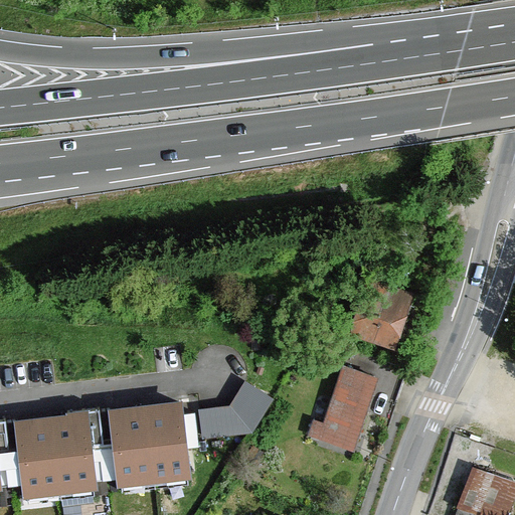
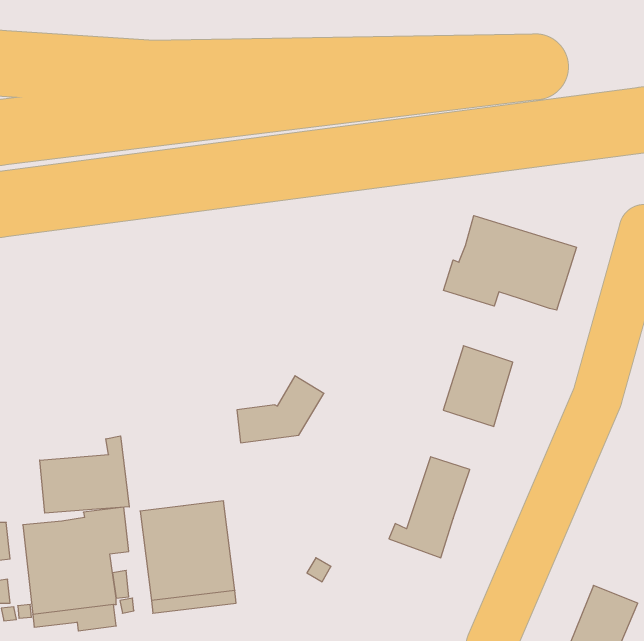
building: none -> [444,216,577,310]
building: none -> [40,436,129,513]
building: [200,383,270,437] -> [237,376,324,443]

